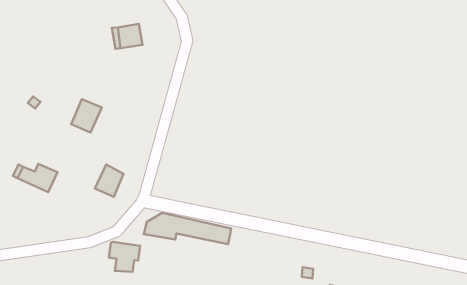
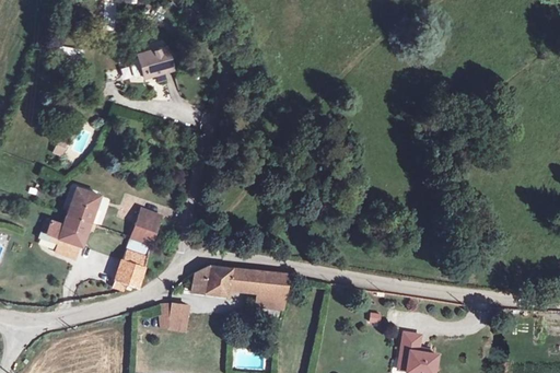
building: [71,99,102,132] -> [68,189,101,225]
building: none -> [114,253,149,295]
building: none -> [257,289,284,315]

